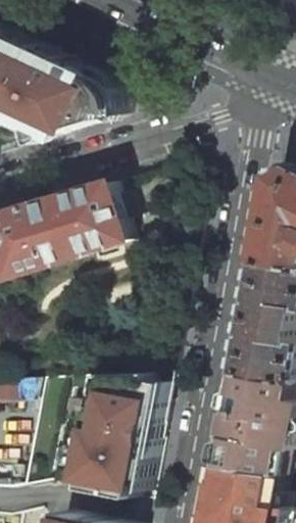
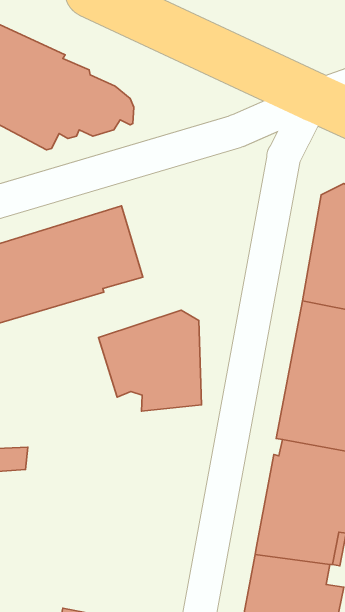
building: none -> [99,310,201,411]
building: [67,372,164,500] -> none

